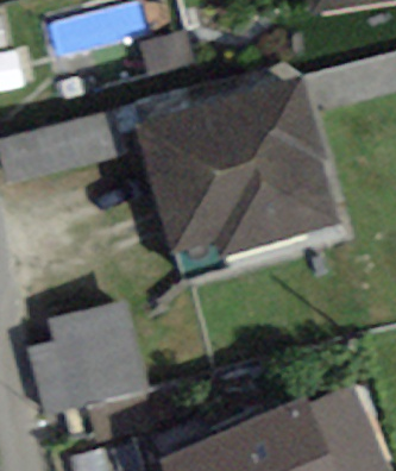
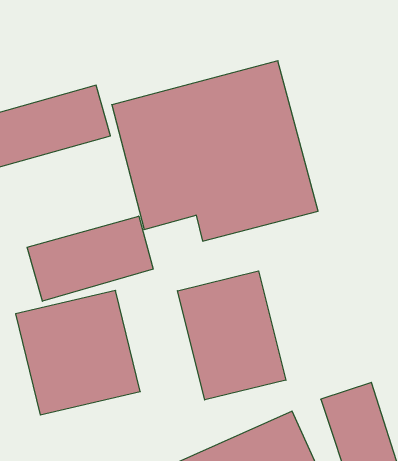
building: none -> [27,216,153,301]
building: none -> [177,271,286,400]

